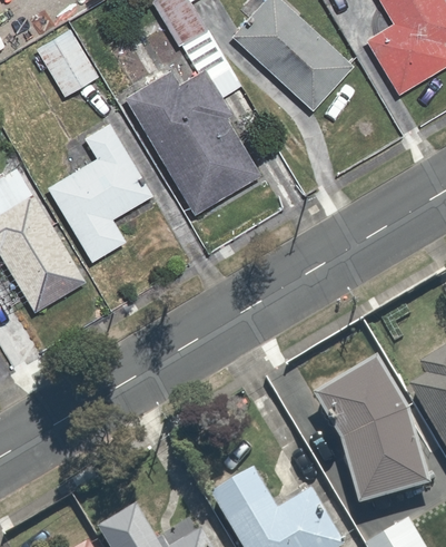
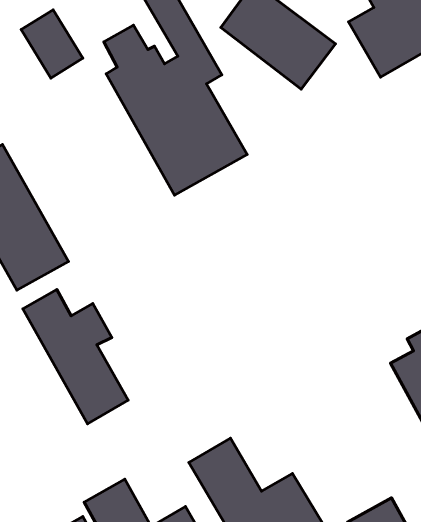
building: [46,118,151,265] -> none
building: none -> [23,290,128,424]
building: [318,360,425,504] -> none

